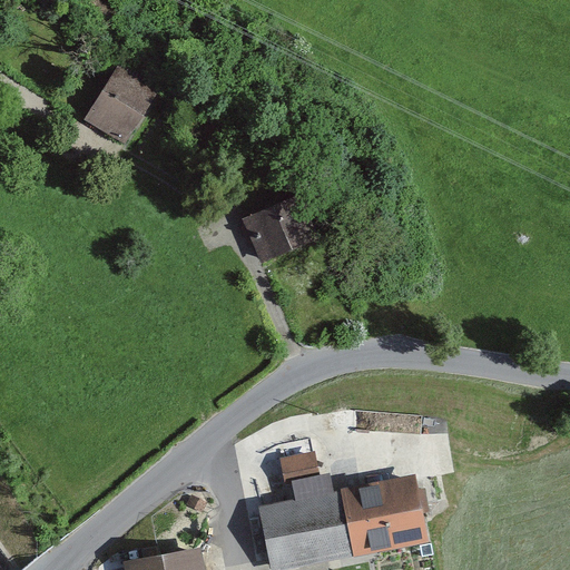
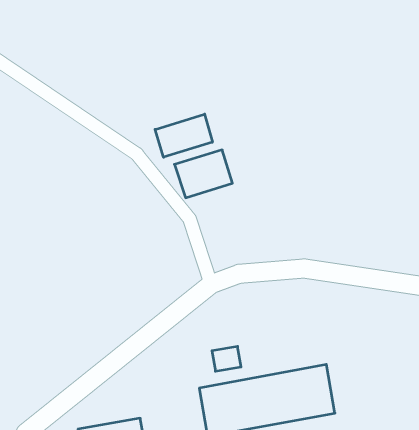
building: [76,73,147,146] -> none
building: none -> [155,114,212,157]

